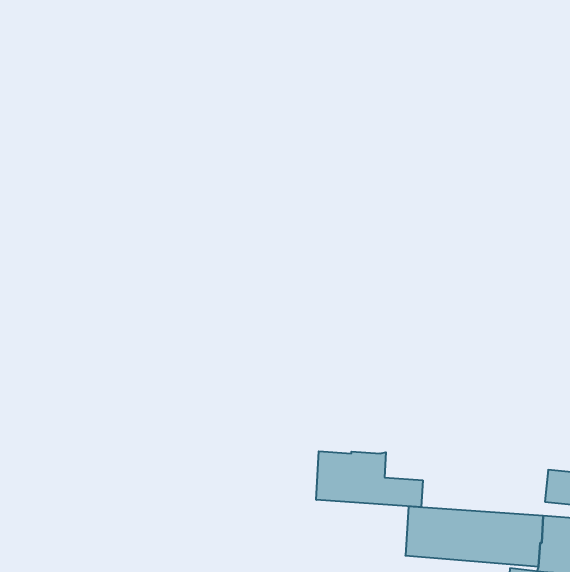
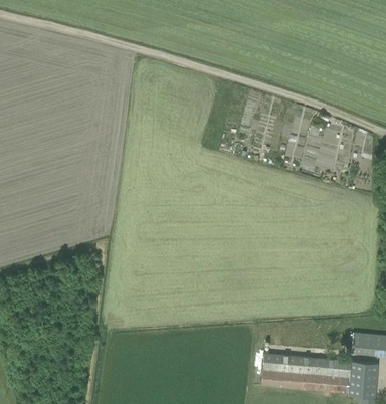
building: [316,451,423,507] -> none

